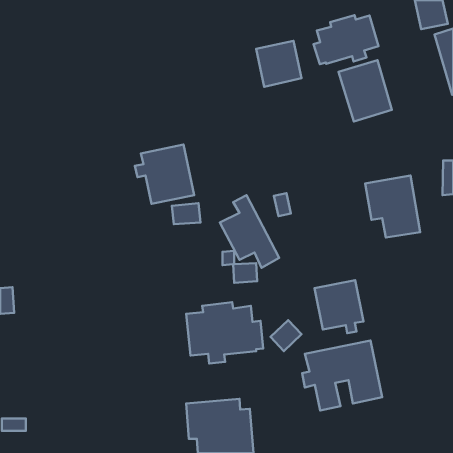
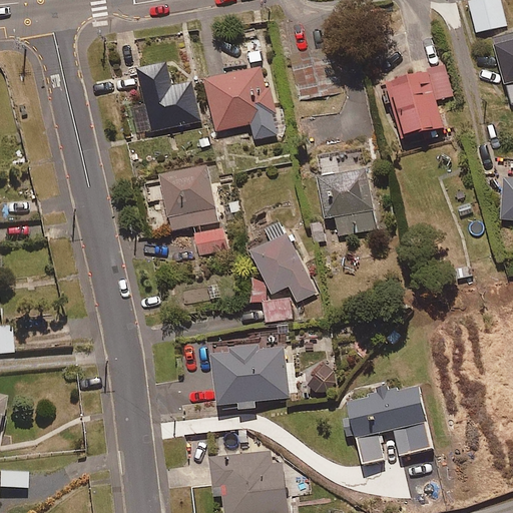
building: [314,15,379,64] -> none
building: none -> [135,60,203,133]
building: none -> [201,66,276,141]
building: [365,175,420,238] -> [314,165,376,235]
building: [314,280,364,333] -> none

